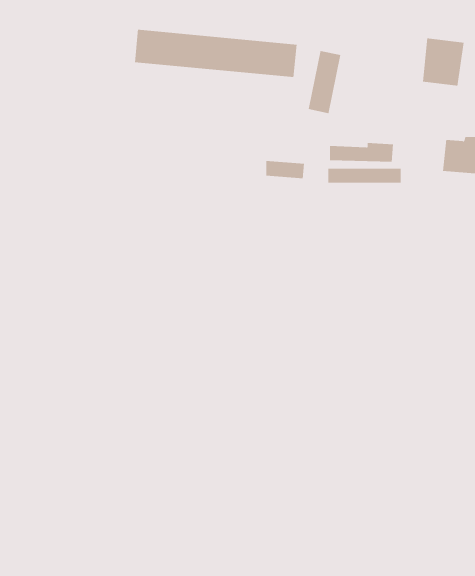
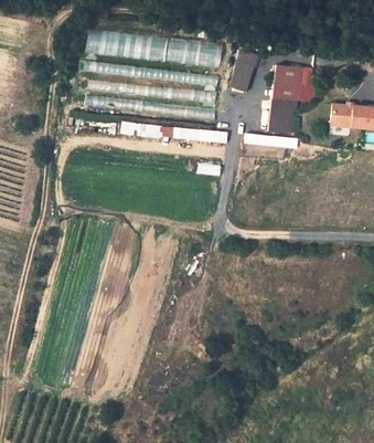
building: [422,38,464,86] -> [273,68,303,104]

